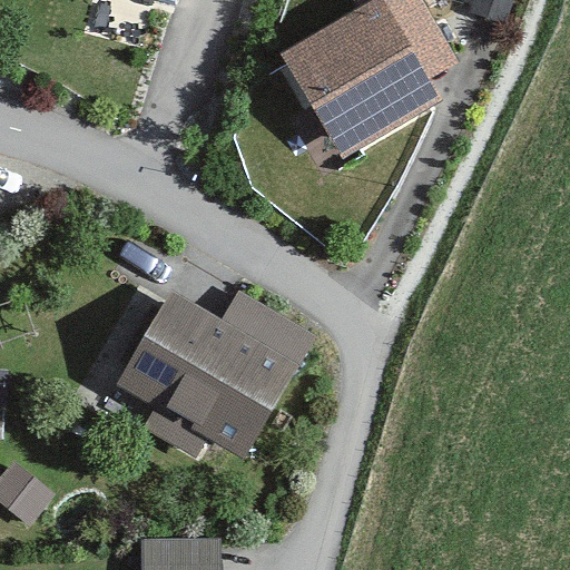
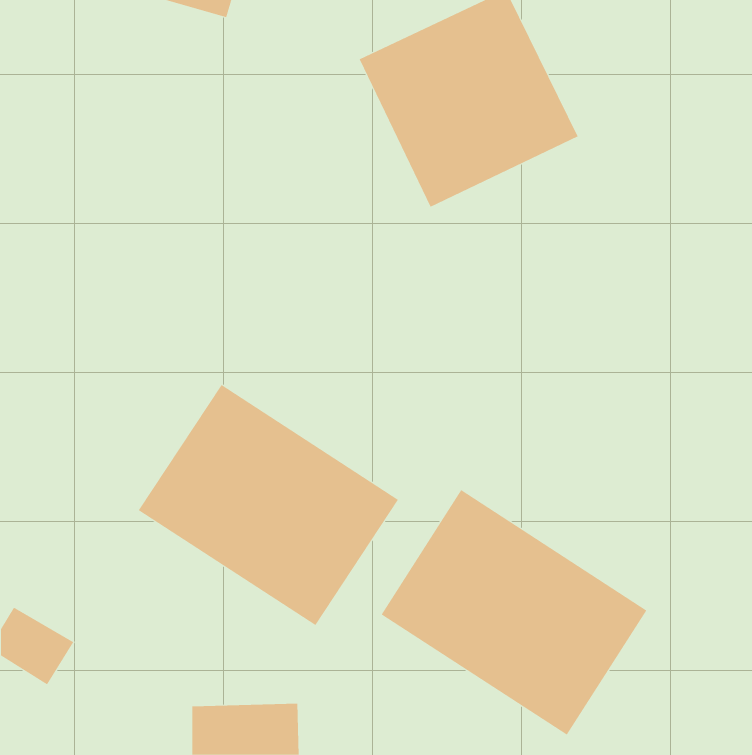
building: none -> [381,489,647,736]

